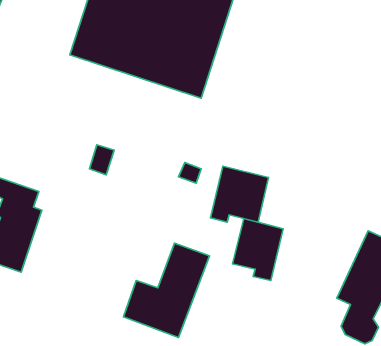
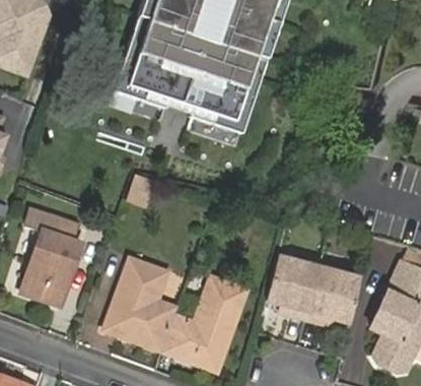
building: [211,166,268,222] -> [306,262,363,317]
building: none -> [104,258,178,348]

